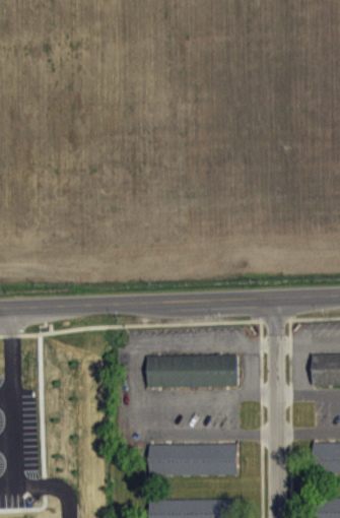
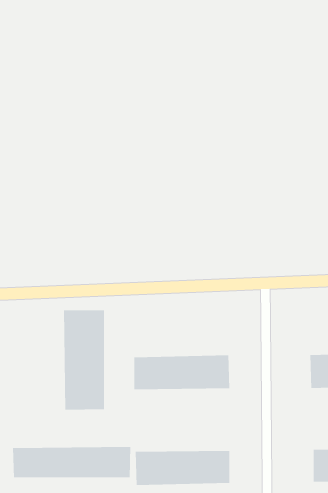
building: none -> [64,310,105,411]
building: none -> [13,446,131,478]

